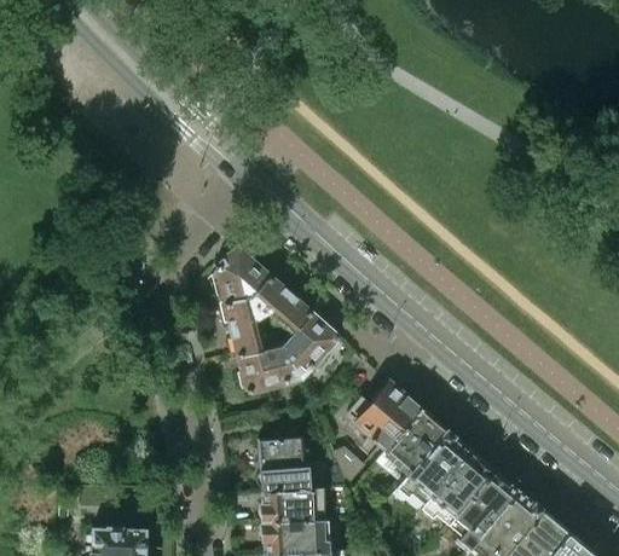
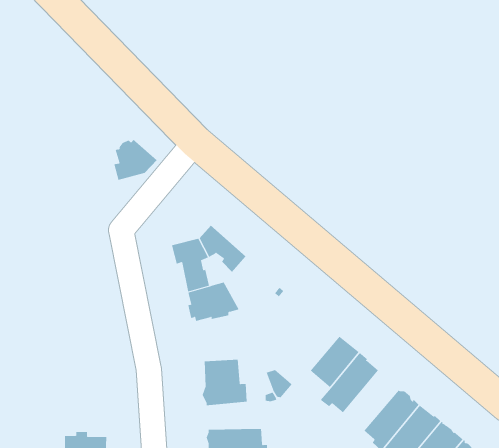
building: [216,251,268,301] -> [114,139,157,180]
building: [284,314,339,378] -> none
building: [349,382,421,450] -> none
building: [422,450,491,521] -> none
building: [261,487,324,520] -> none

